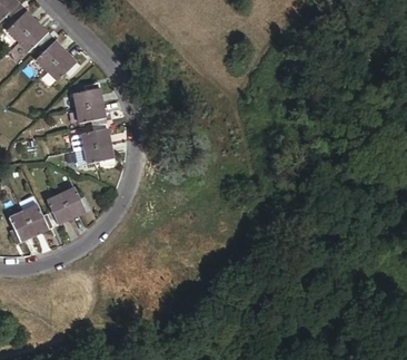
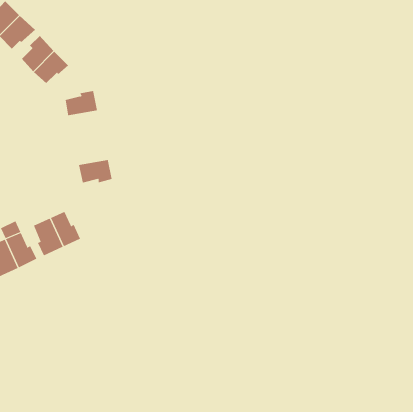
building: [76,103,105,123] -> none
building: [72,126,110,150] -> none

